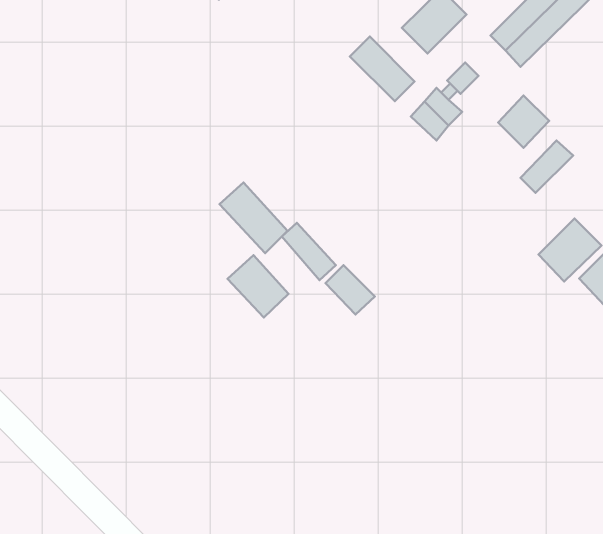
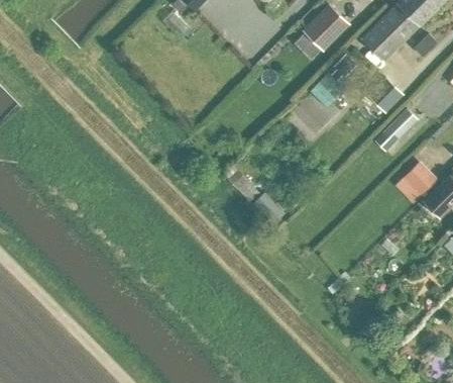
building: [350,37,415,101] -> none
building: [220,183,287,253] -> none
building: [227,255,289,318] -> none

